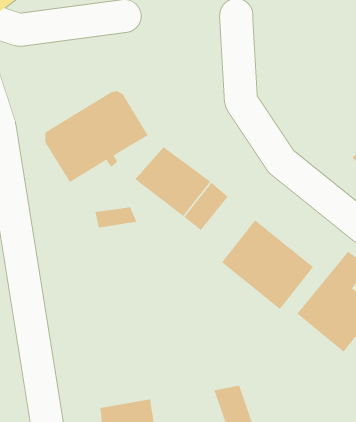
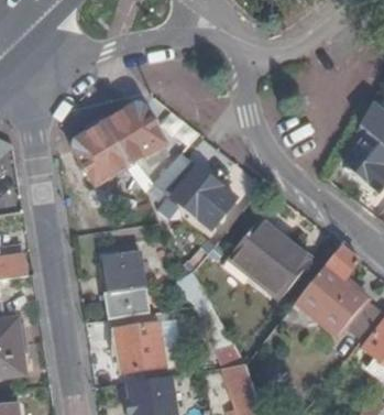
building: none -> [103,252,153,320]
building: none -> [117,323,166,372]

